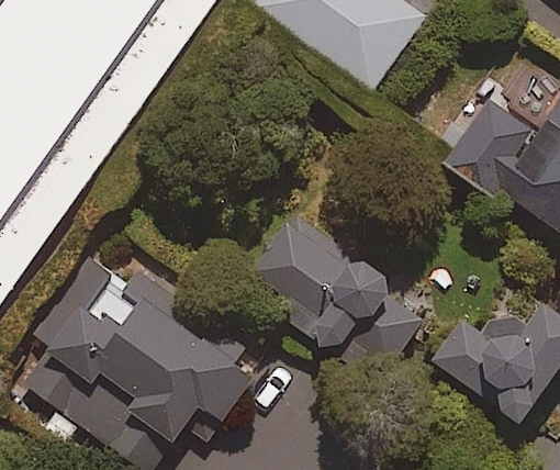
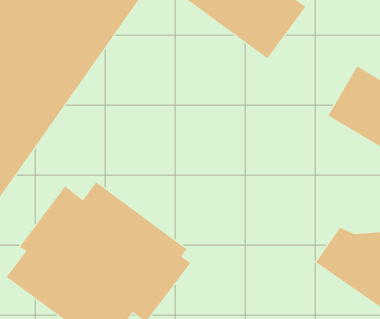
building: [247,213,418,383] -> none

